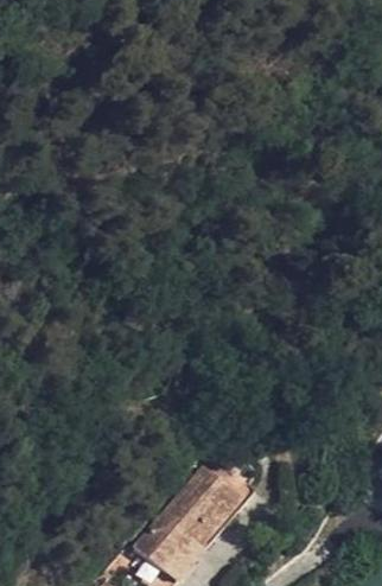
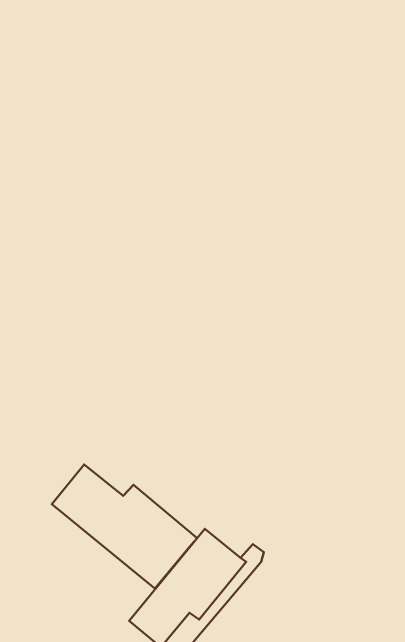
building: none -> [52,464,197,589]

